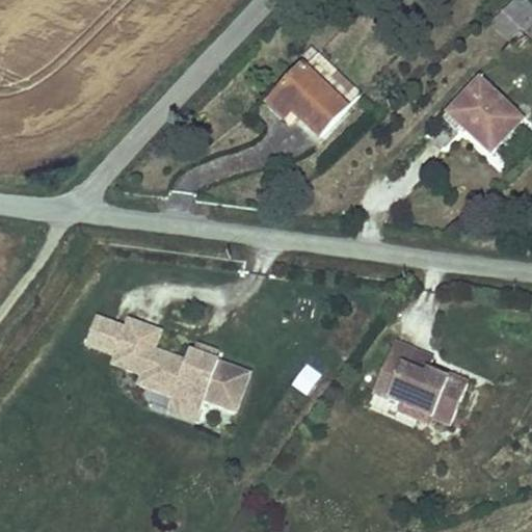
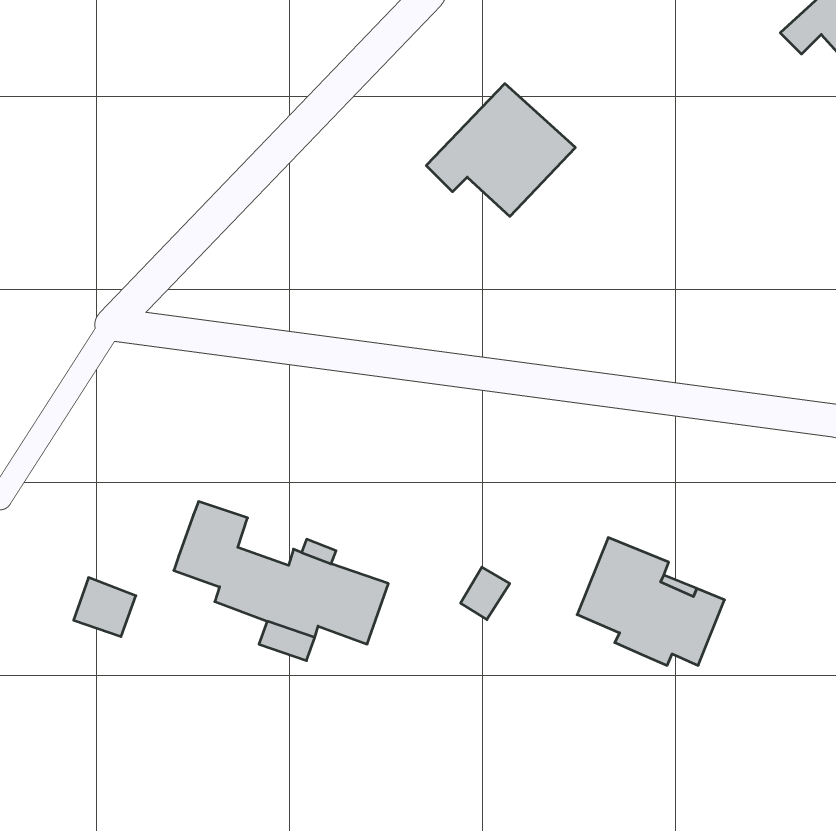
building: [447,78,523,150] -> none
building: [84,315,124,352] -> [74,578,136,637]

